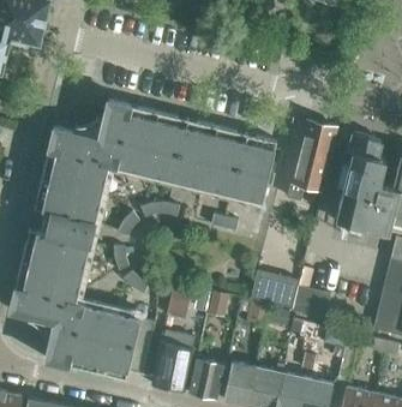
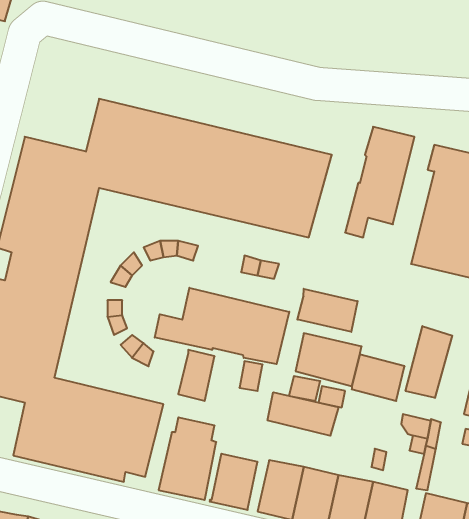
building: none -> [155,288,289,364]
building: none -> [297,289,358,332]
building: none -> [406,326,452,398]
building: none -> [268,392,338,436]

